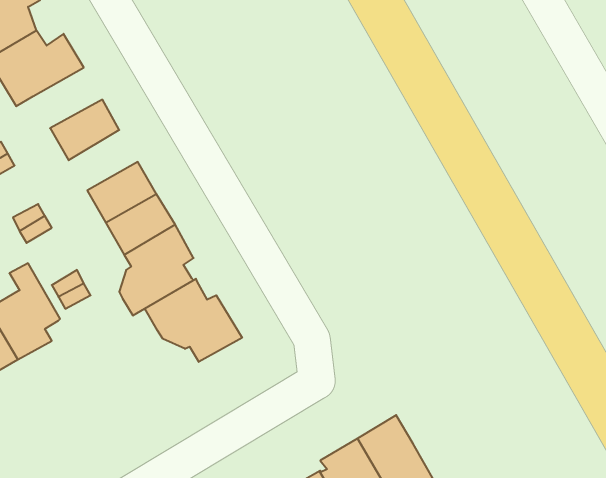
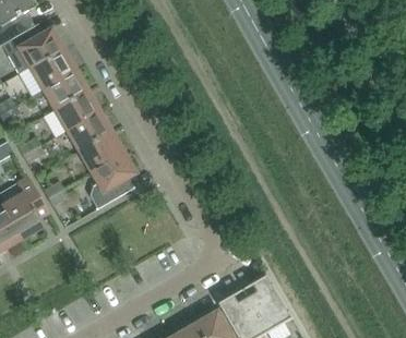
building: none -> [20,50,75,96]
building: none -> [41,90,98,137]
building: [145,279,242,362] -> none

